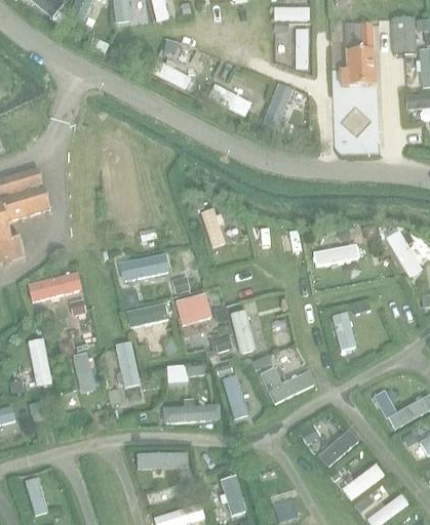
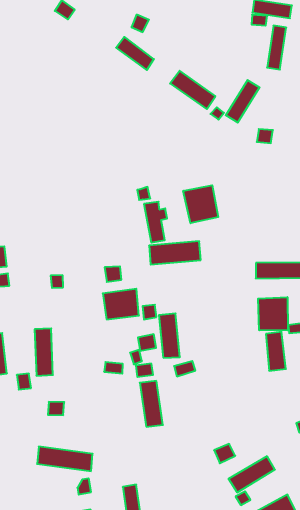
building: none -> [183,185,218,223]
building: [117,253,167,282] -> [149,241,201,265]
building: none -> [258,297,288,330]
building: [126,304,167,328] -> none
building: [261,365,315,401] -> none
building: [163,399,220,423] -> none

